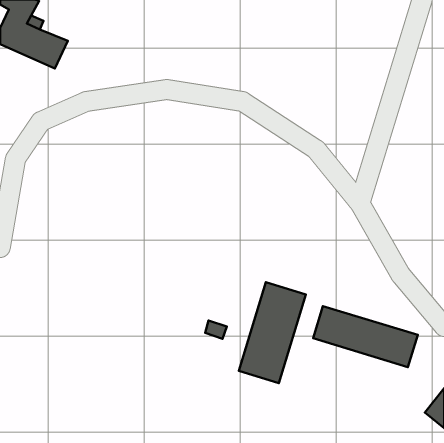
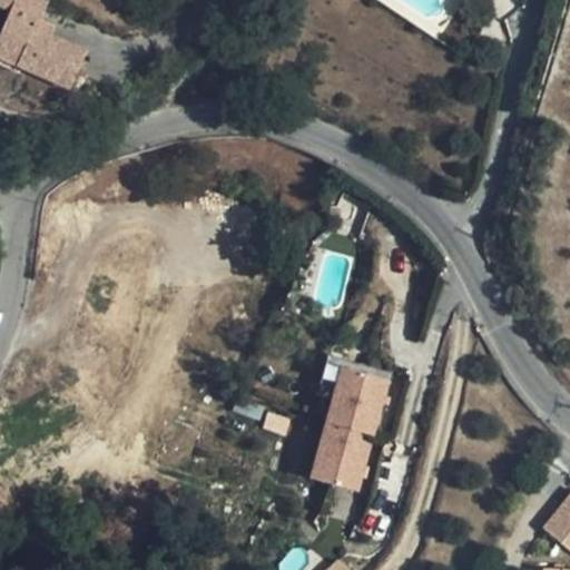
building: [313,306,418,367] -> none

